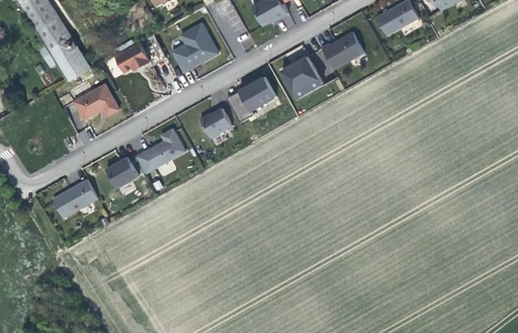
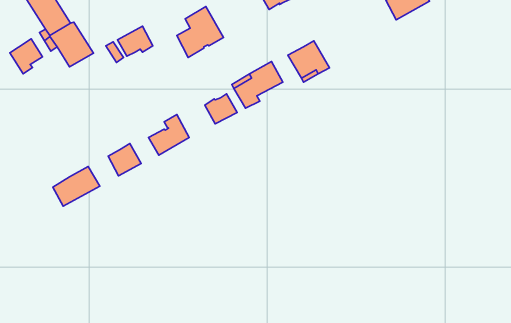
building: [322,31,364,69] -> none
building: none -> [10,39,42,74]
building: [73,83,119,119] -> none

